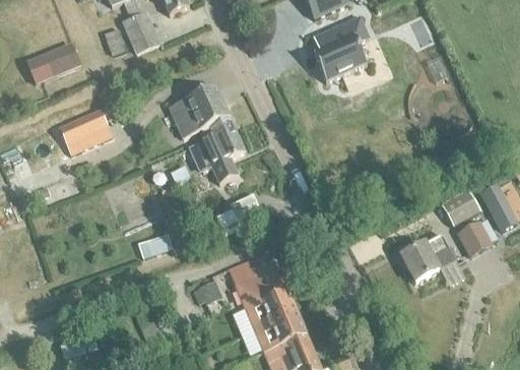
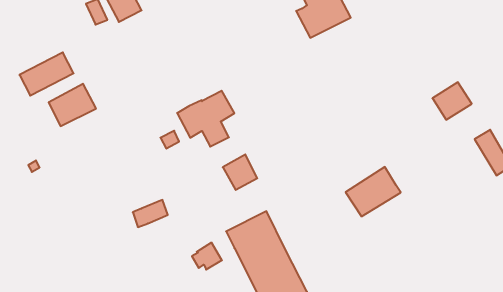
building: [24,43,78,83] -> [19,52,74,96]
building: [169,84,234,137] -> none
building: [441,188,479,225] -> [432,82,472,120]
building: [457,221,492,255] -> none
building: [401,233,456,281] -> [346,167,401,216]

